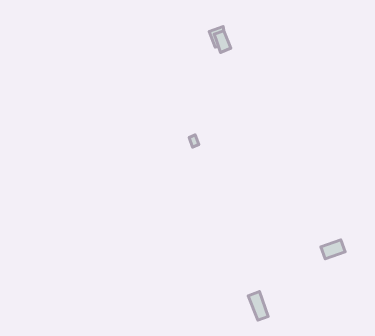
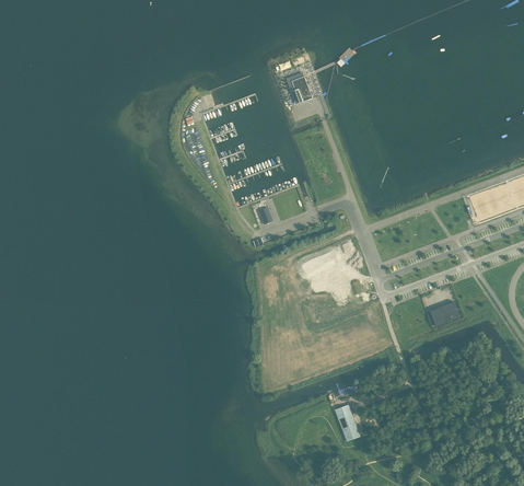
building: [321,240,345,259] -> [429,301,459,325]

